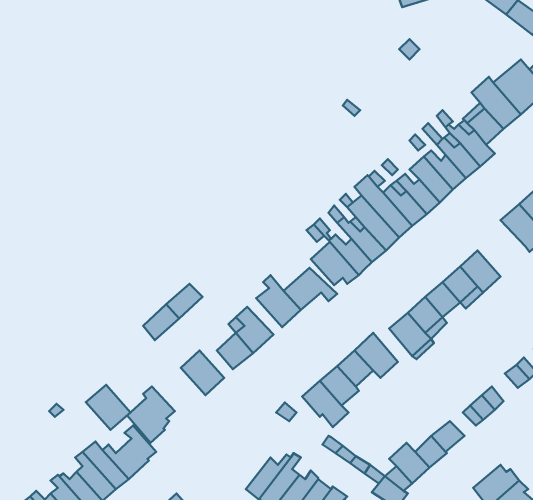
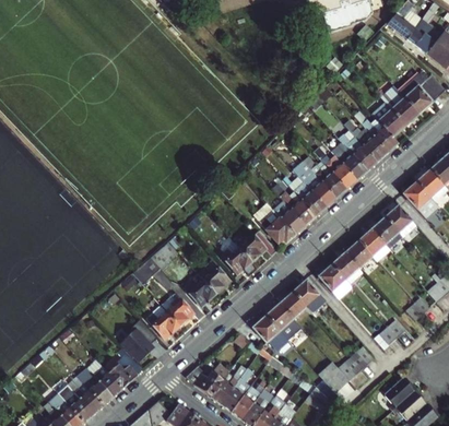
building: none -> [386,204,417,236]
building: [86,385,131,430] -> [146,305,180,339]
building: none -> [186,364,229,397]

